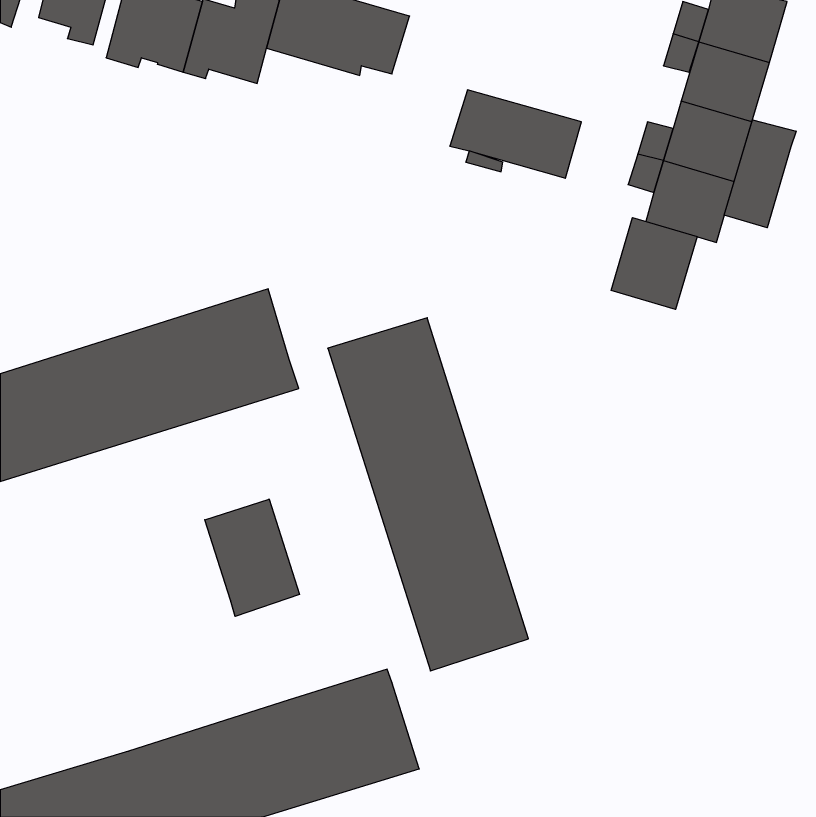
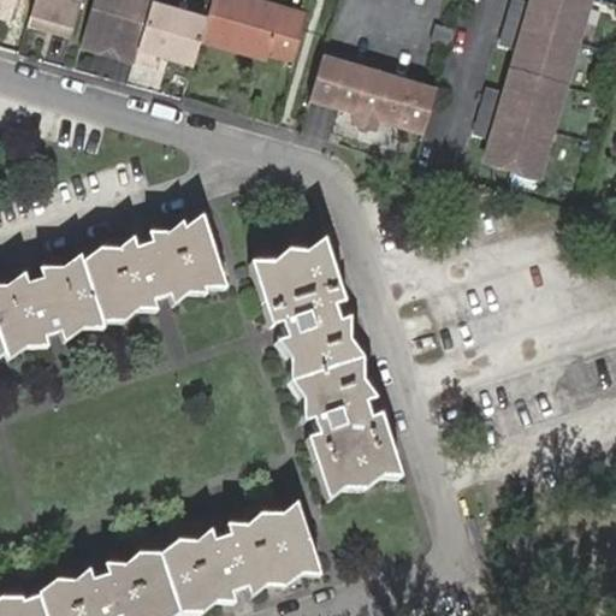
building: none -> [312,58,354,109]
building: [724,120,796,228] -> none
building: [611,218,697,309] -> none
building: [205,499,300,616] -> none

